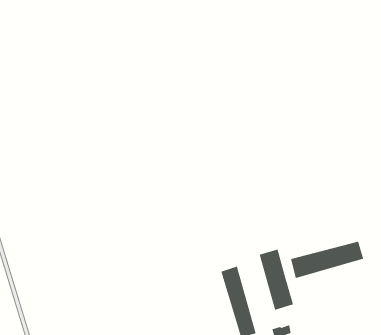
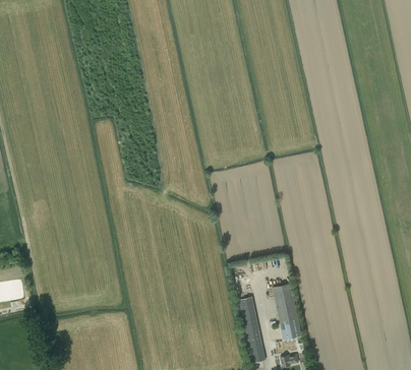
building: [290,241,364,279] -> none

